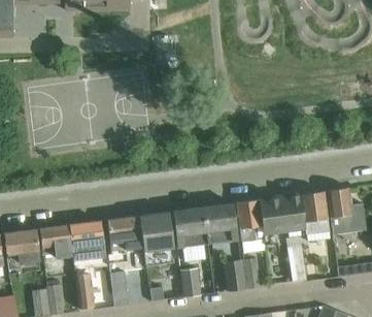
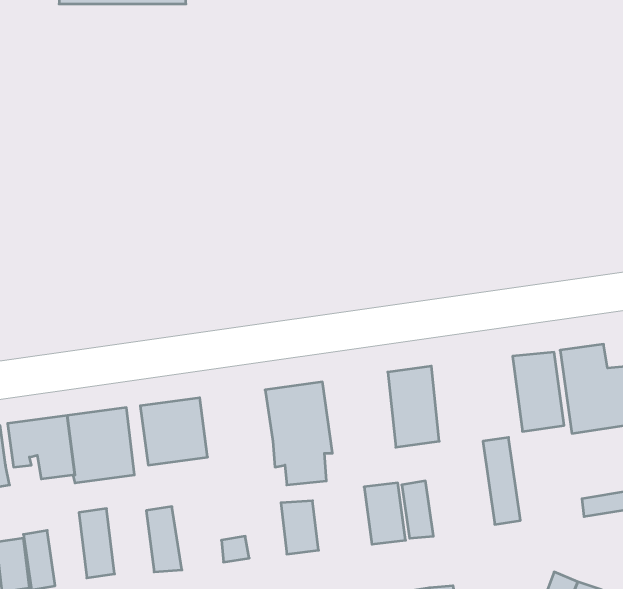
building: [259,193,306,237] -> none
building: [202,202,237,244] -> none
building: [138,211,178,261] -> none

